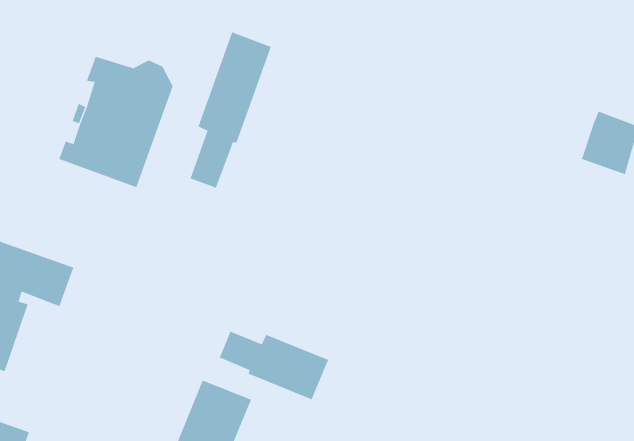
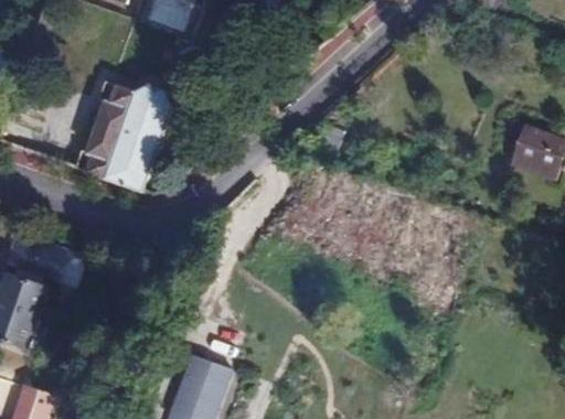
building: [190,31,272,189] -> none
building: [219,331,329,400] -> none

